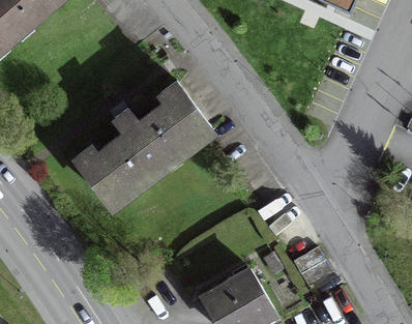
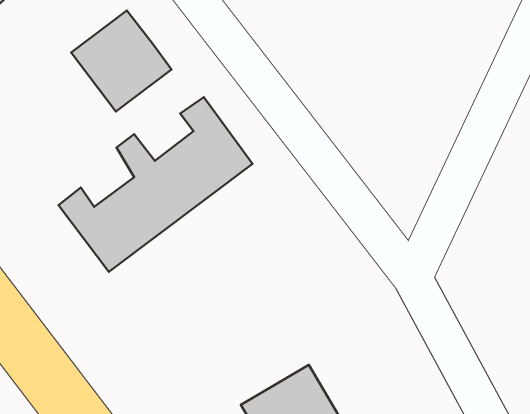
building: none -> [71,11,172,111]

